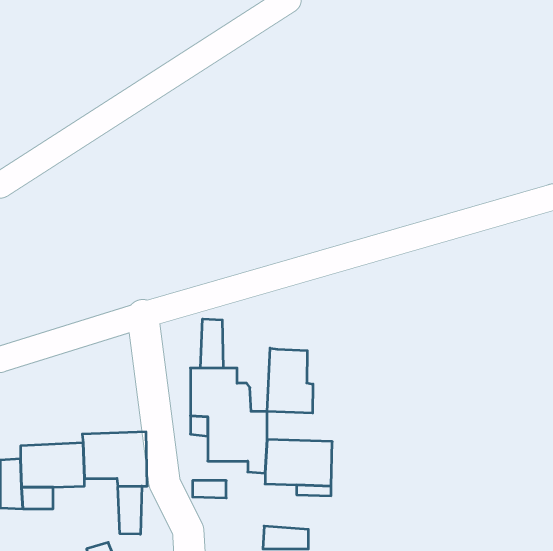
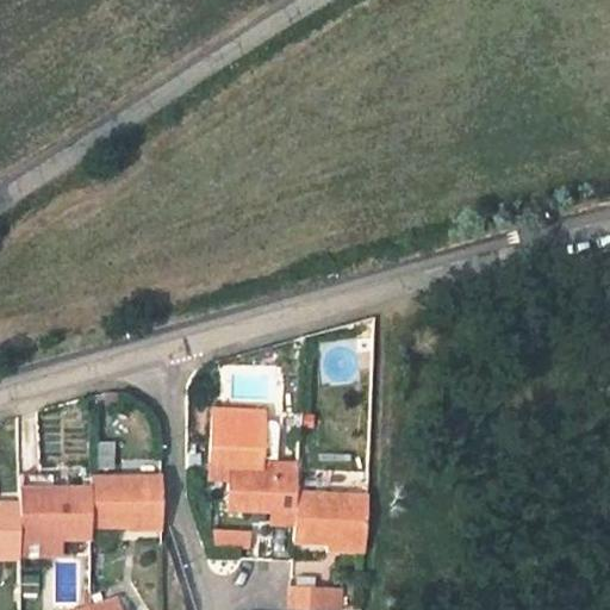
building: [200,319,223,368] -> none
building: [267,348,313,413] -> none
building: [118,486,142,534] -> none

